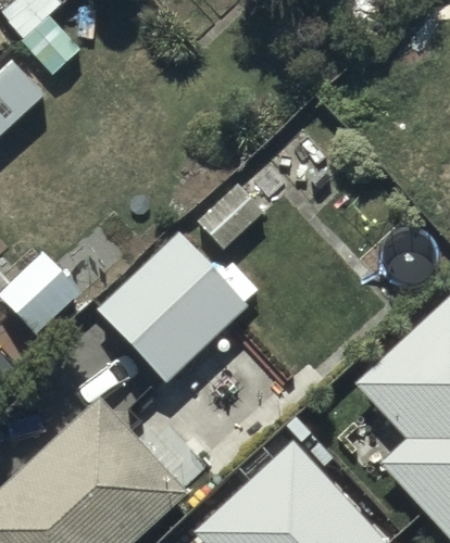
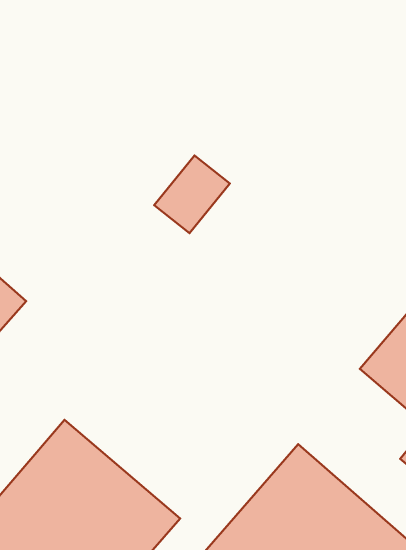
building: [97,231,247,381] -> none

